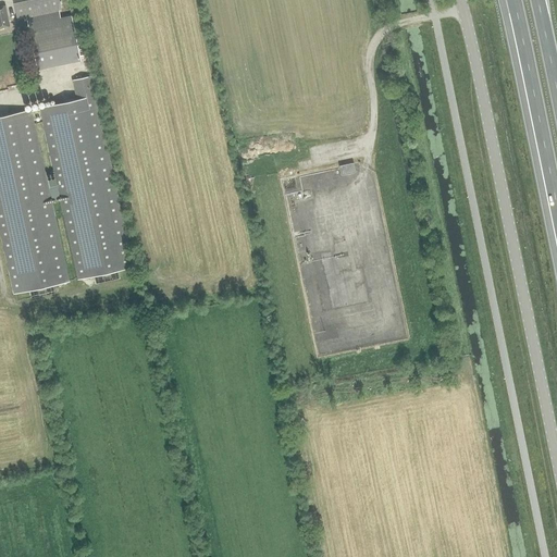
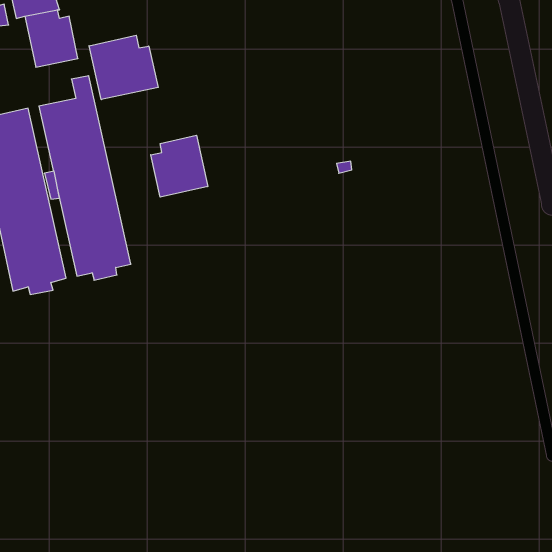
building: none -> [89,35,158,100]
building: none -> [151,135,208,197]

